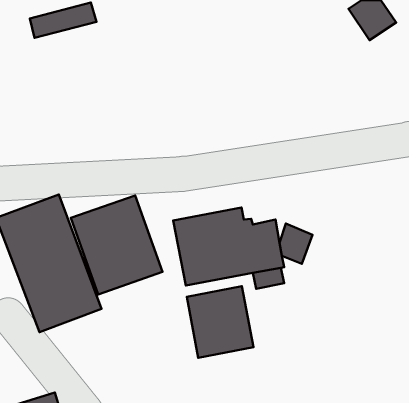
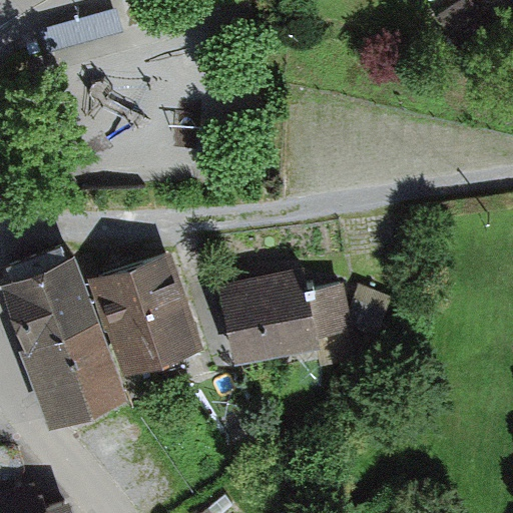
building: [187,286,253,358] -> none

